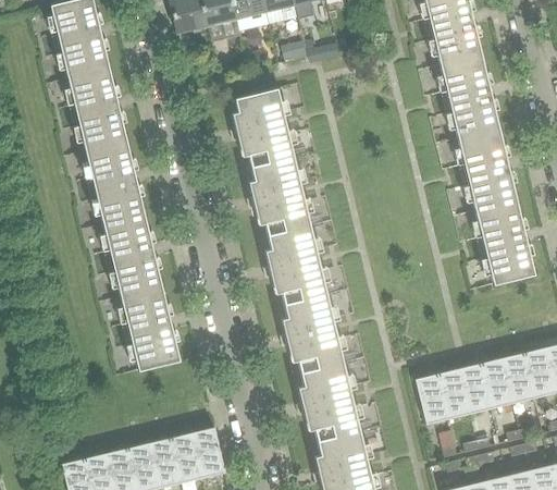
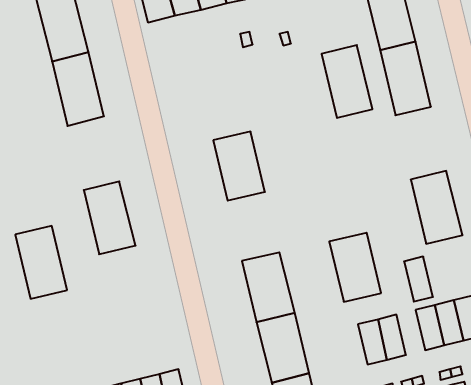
building: [235,89,294,168] -> none
building: [458,130,516,212] -> [322,45,372,118]
building: [86,140,145,224] -> none
building: [268,226,326,305] -> [329,233,381,302]
building: [122,287,181,370] -> [15,226,67,299]
building: [459,360,492,412] -> [404,257,433,302]

